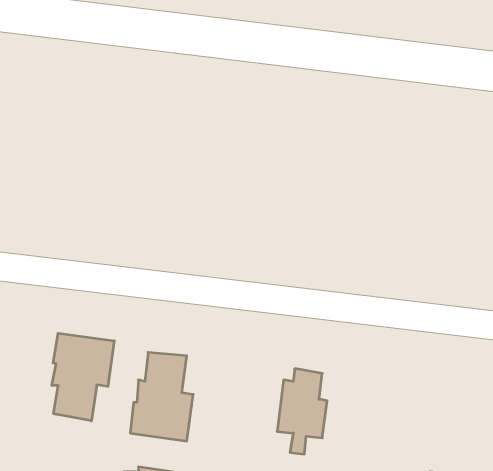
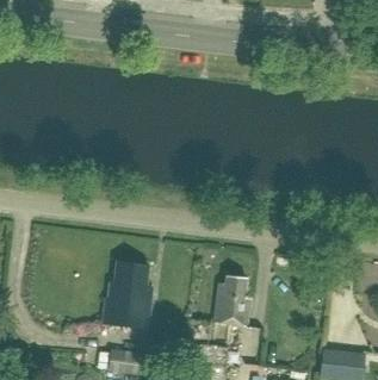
building: [52,333,114,421] -> none

